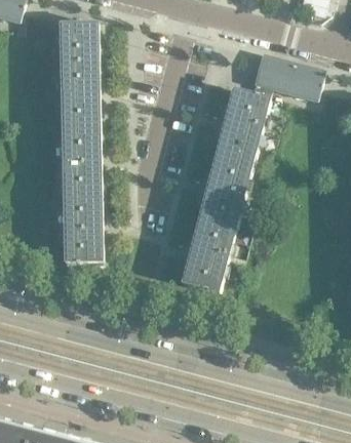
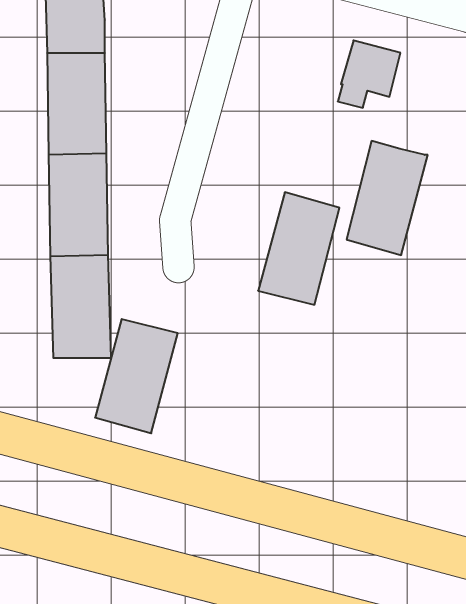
building: [285,63,324,99] -> none
building: [217,89,270,164] -> [347,141,428,255]
building: [182,218,236,293] -> [95,319,178,433]

